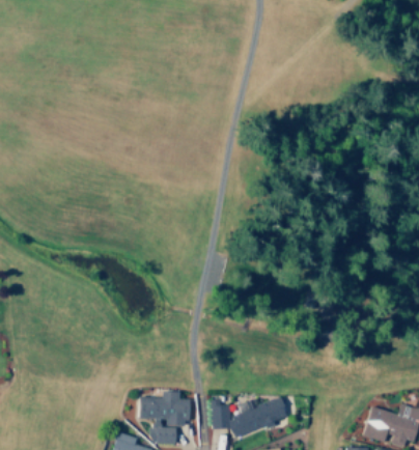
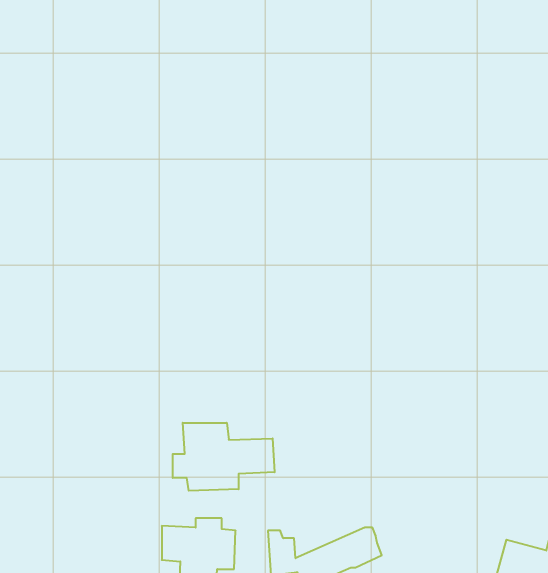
building: none -> [173,423,275,491]

